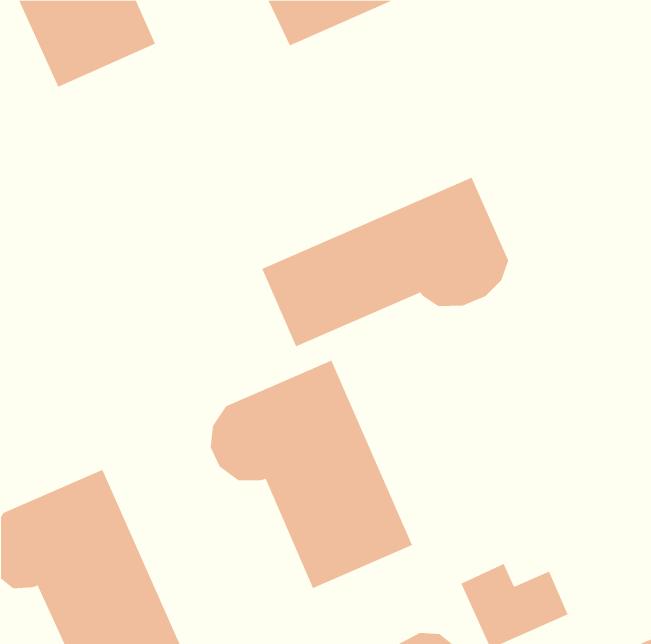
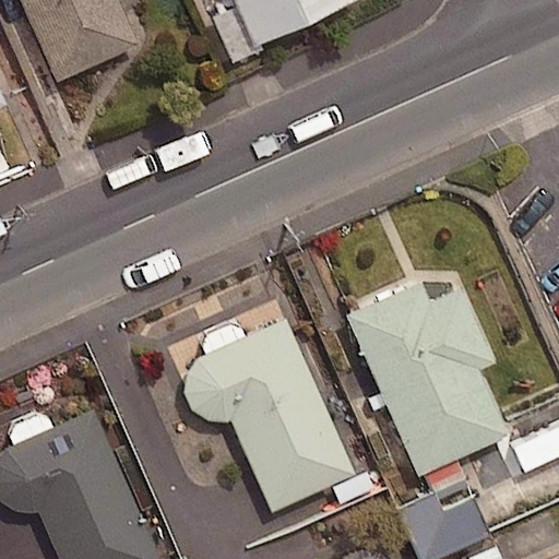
building: [261,177,509,347] -> none
building: none -> [345,280,509,474]

